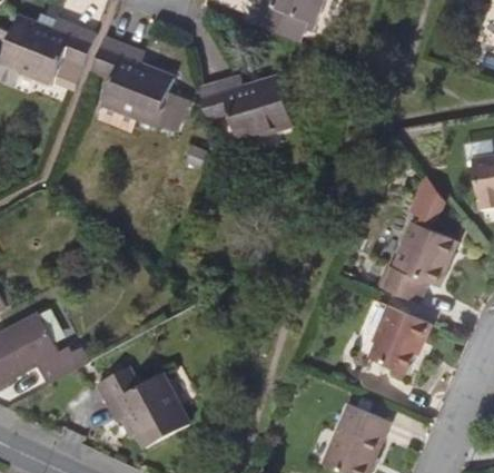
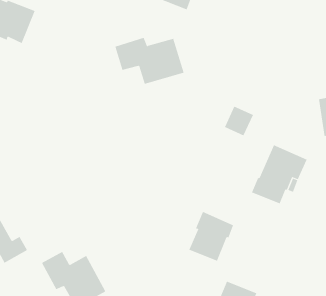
building: [89,37,187,130] -> none
building: [409,179,449,220] -> [224,106,254,136]
building: [370,306,432,374] -> [189,211,234,261]

